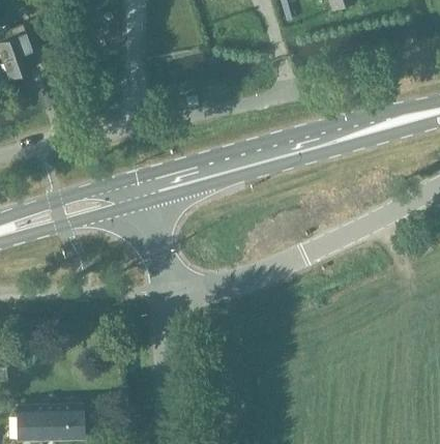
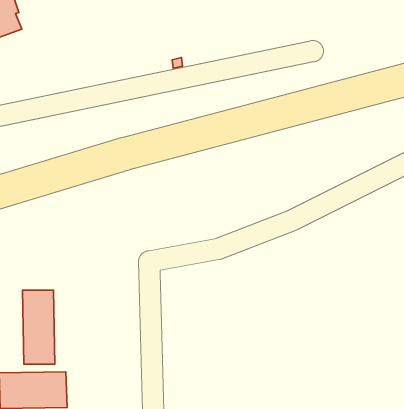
building: none -> [23,290,55,364]

